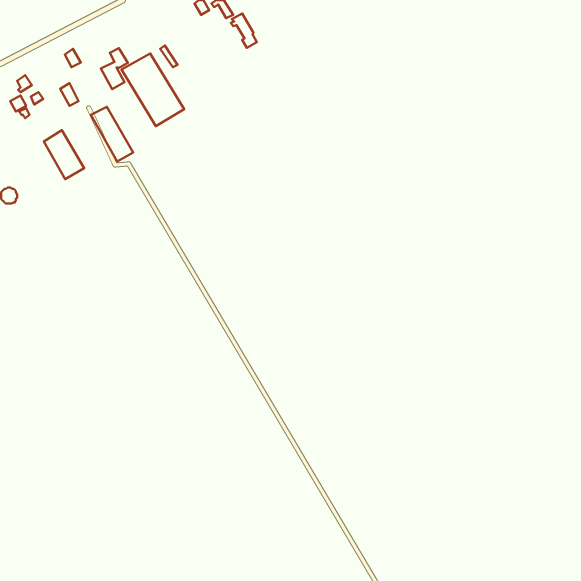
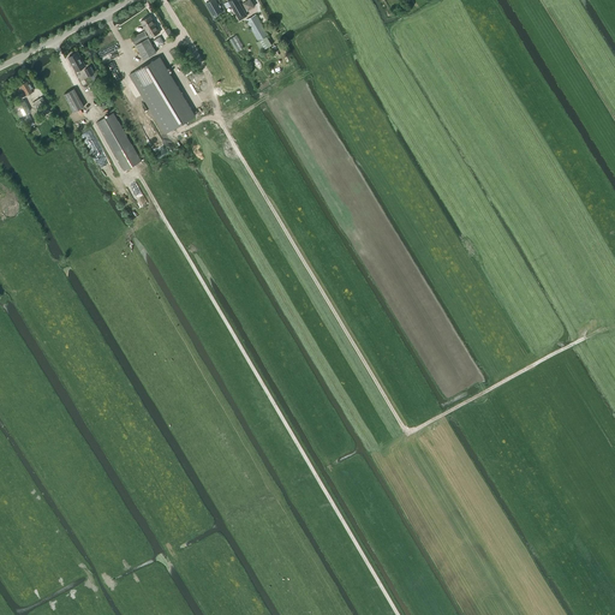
building: [101,48,128,89] -> [131,16,160,59]
building: [44,130,84,179] -> none

